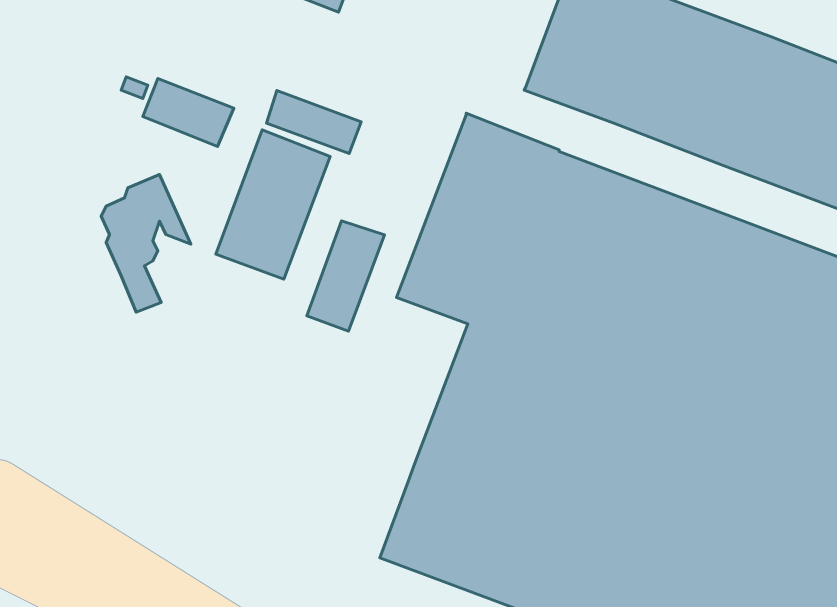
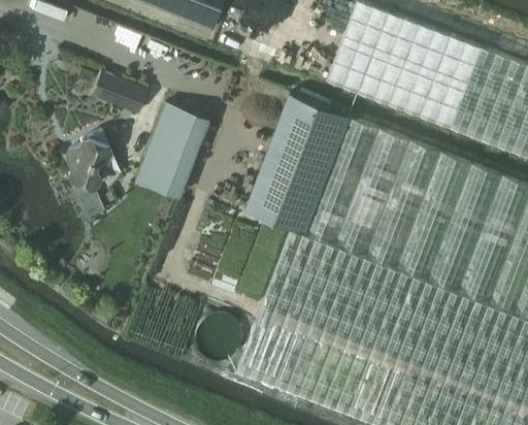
building: [266,90,361,154] -> none
building: [307,221,385,331] -> none

